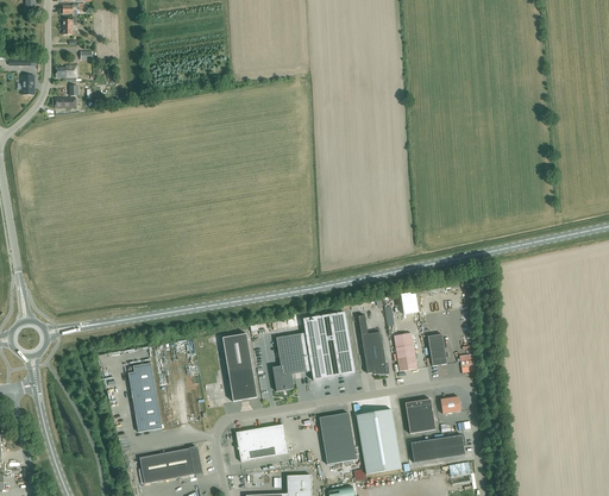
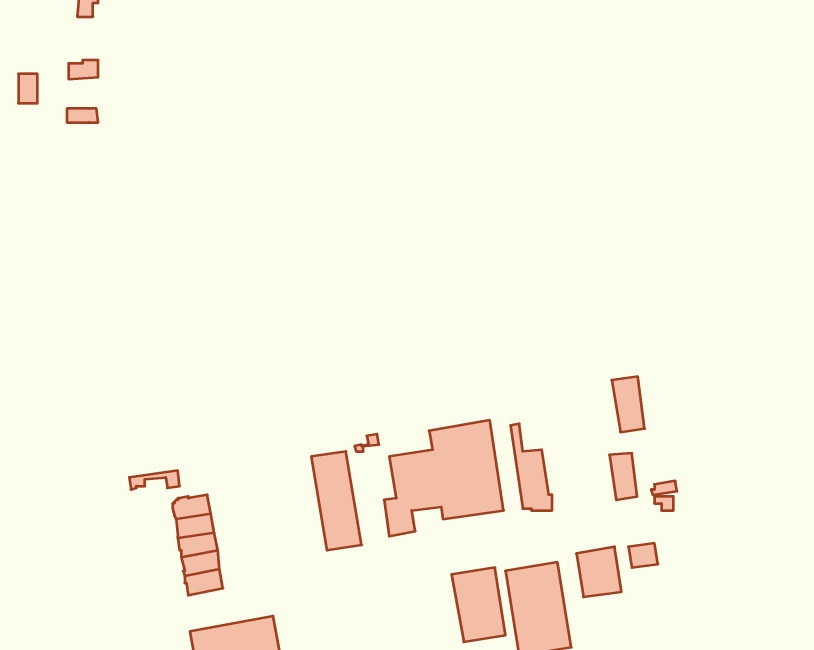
building: [394,333,416,371] -> [612,377,645,432]
building: [236,423,288,462] -> none
building: [410,434,465,462] -> none

